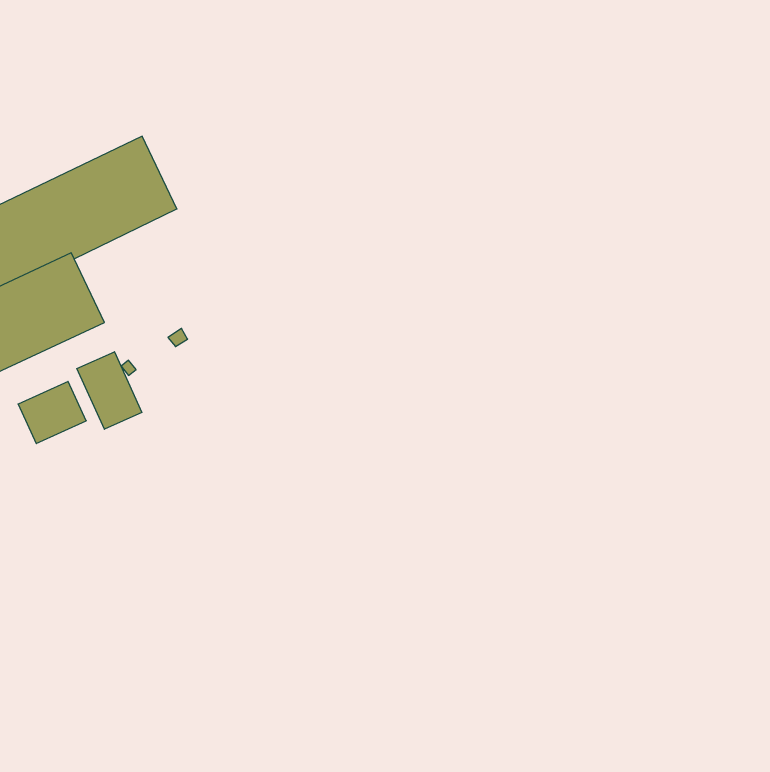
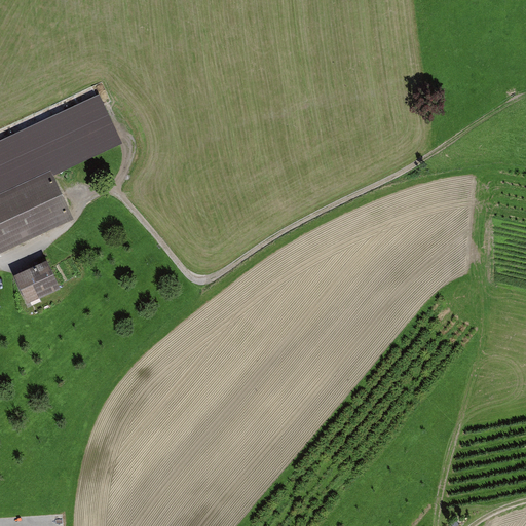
building: [77,352,142,429] -> none

